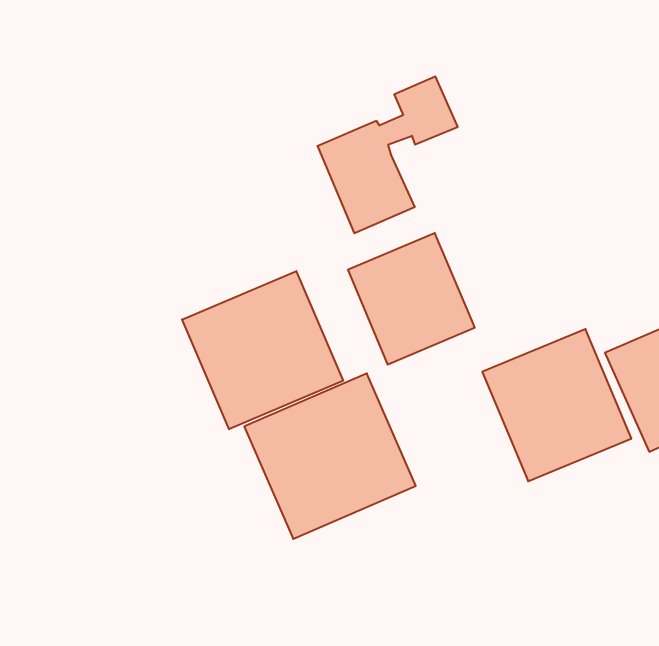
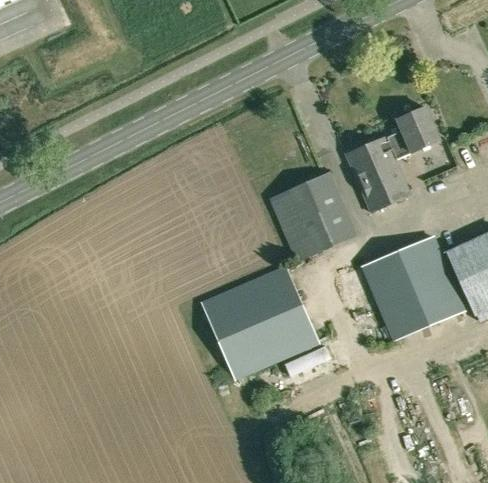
building: [317,77,458,233] -> [344,106,439,212]
building: [182,271,343,429] -> none

